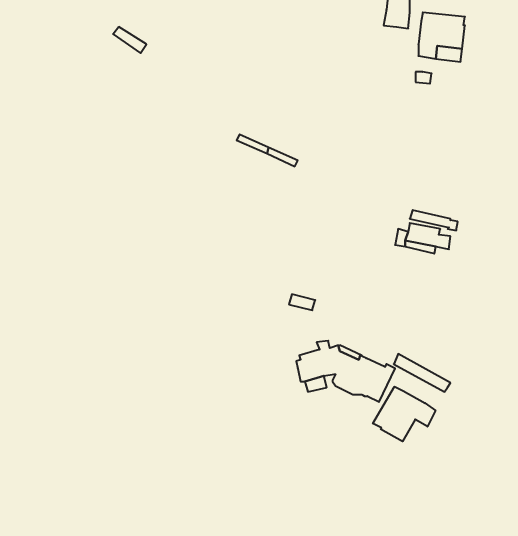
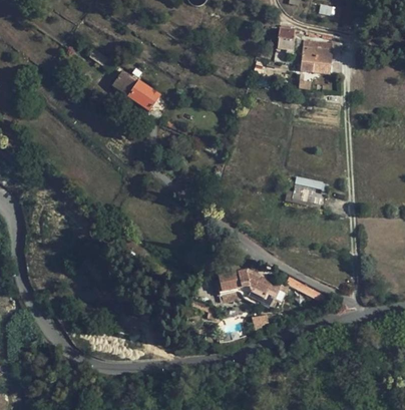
building: none -> [113,69,160,110]
building: [373,387,435,441] -> none

